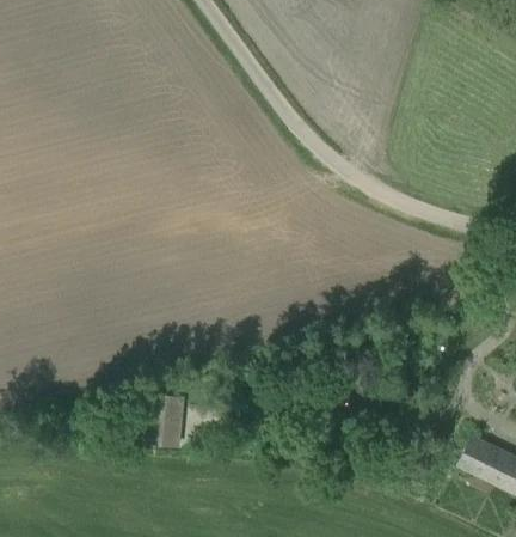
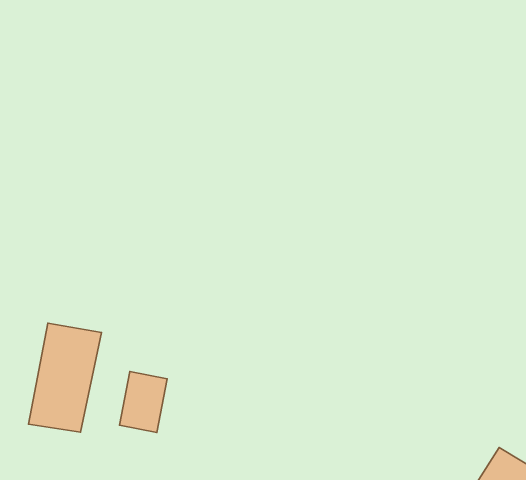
building: none -> [29,323,101,432]

